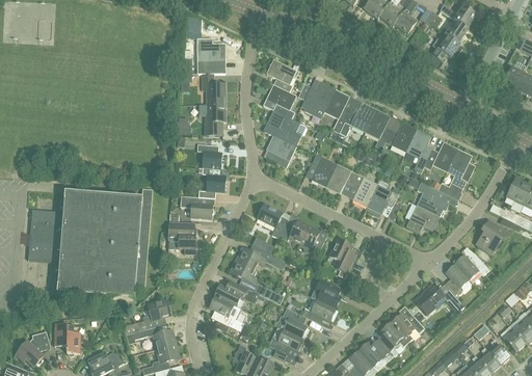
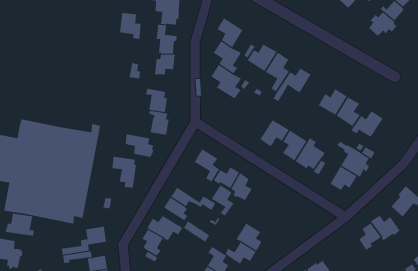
building: none -> [120,12,141,40]
building: [364,110,391,142] -> none
building: [265,135,295,166] -> none
building: [446,150,473,188] -> none
building: [310,153,337,186] -> none
building: [328,239,354,273] -> [211,184,234,217]
building: [416,283,462,314] -> none
building: none -> [5,213,34,237]

